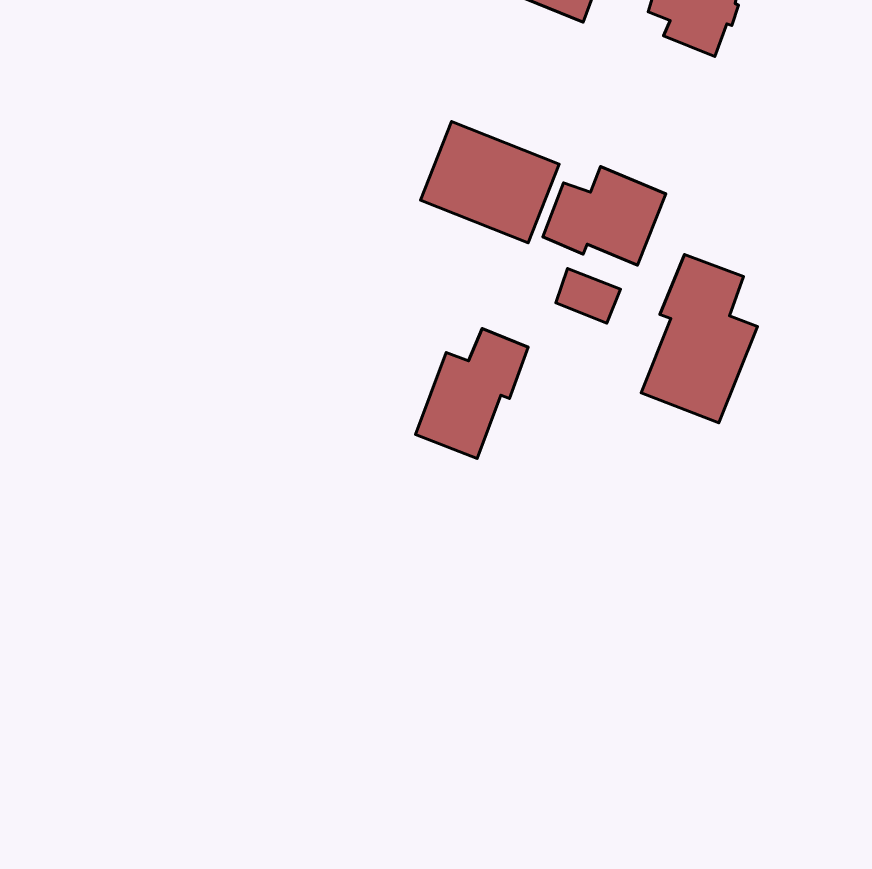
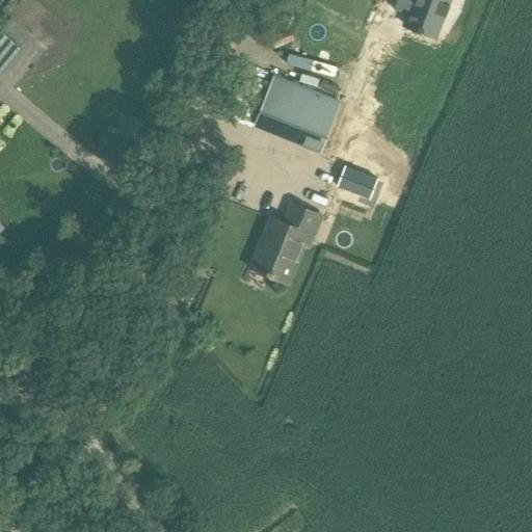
building: [543,166,666,265] -> none
building: [641,255,757,423] -> none

